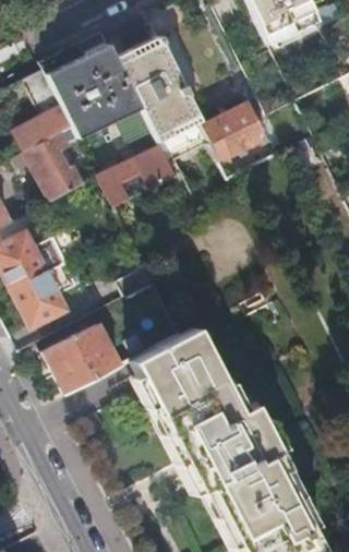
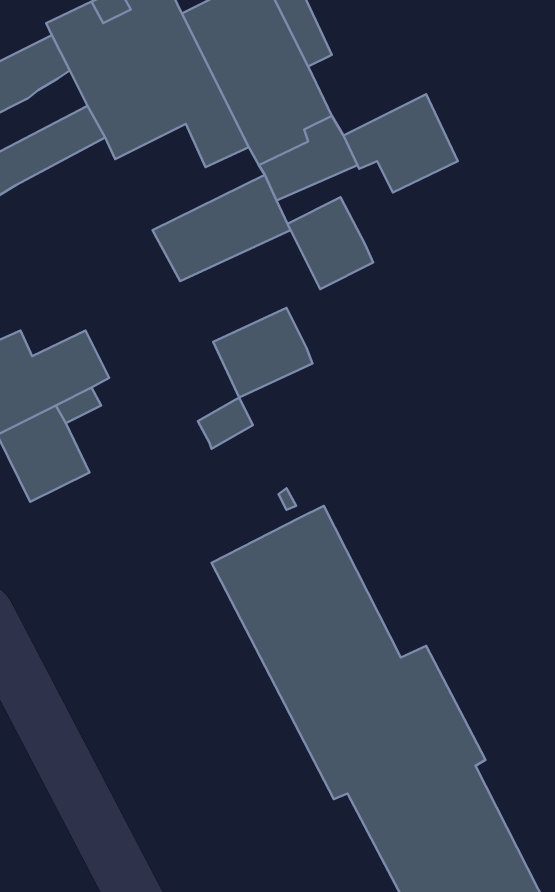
building: [22,124,82,200] -> none
building: none -> [287,197,373,289]
building: none -> [213,308,312,397]
building: [43,324,119,394] -> none

